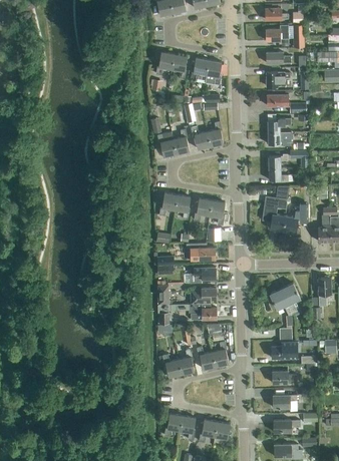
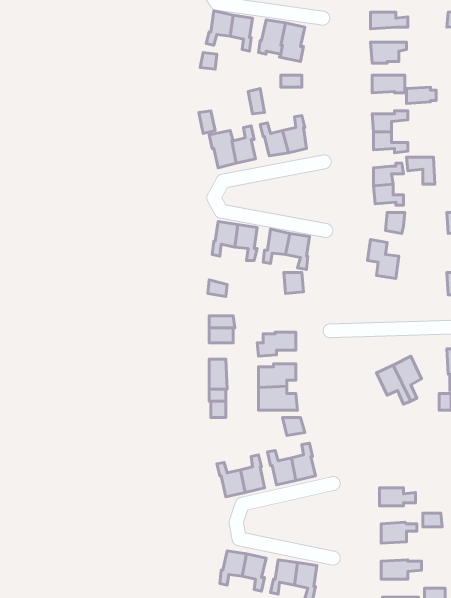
building: [283,203,310,238] -> none
building: [186,244,215,261] -> none
building: [271,342,298,359] -> none

